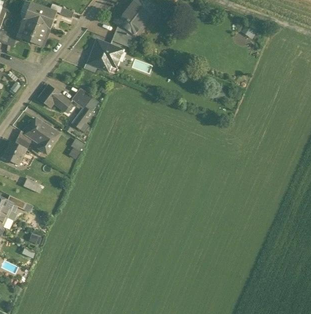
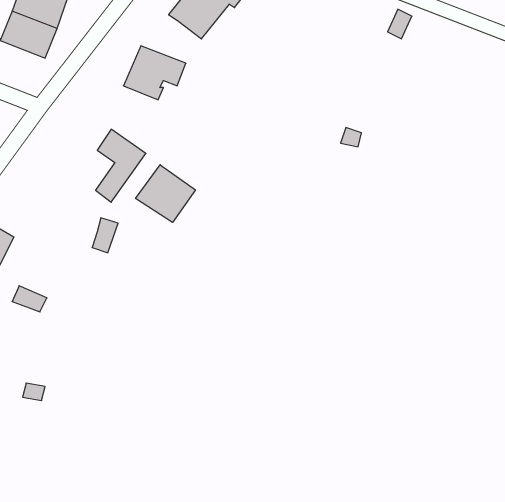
building: [38,86,70,111] -> none
building: none -> [136,165,195,222]
building: [26,119,58,154] -> none

